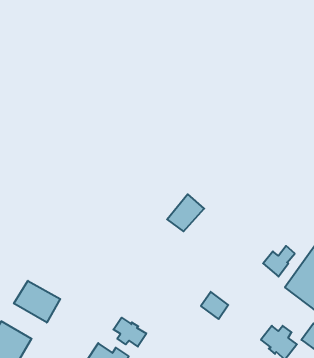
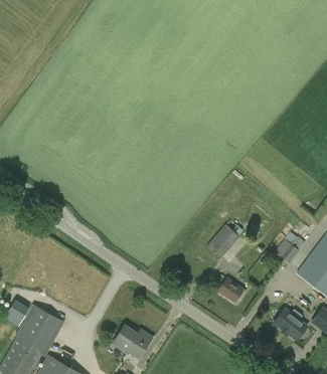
building: [167,194,204,231] -> [206,223,240,257]
building: [14,281,60,323] -> none
building: [113,318,146,347] -> none

